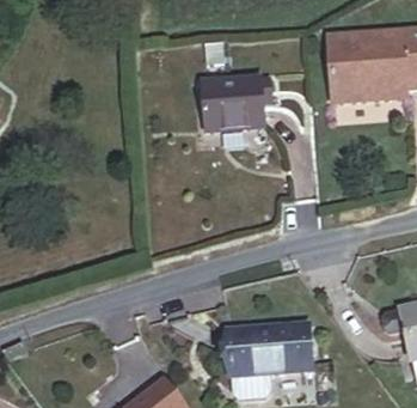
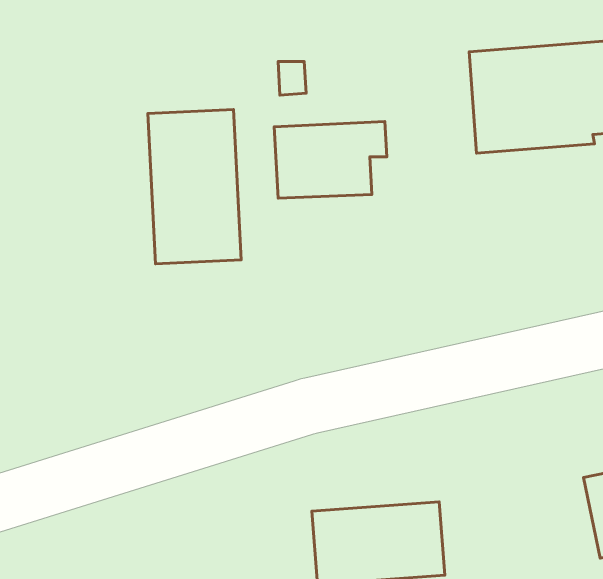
building: none -> [148,110,241,264]

